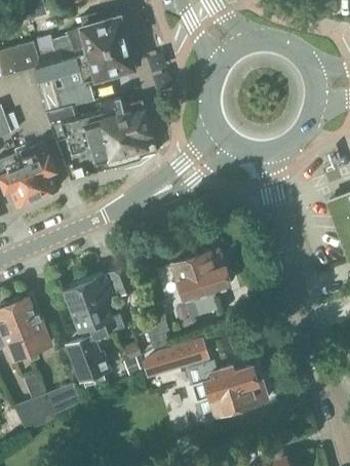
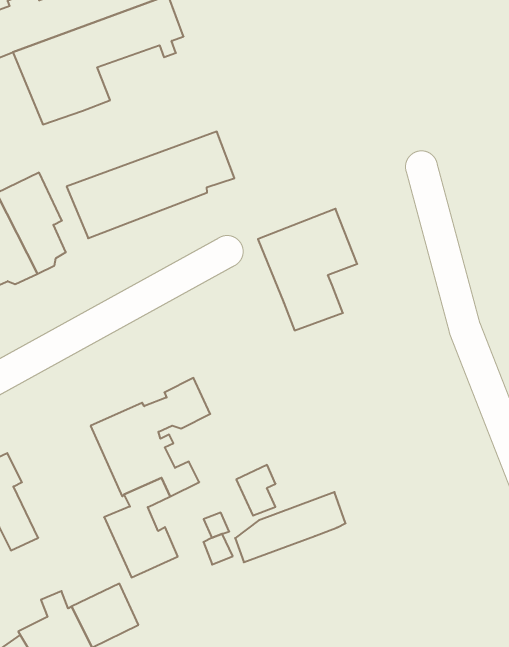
building: [47,99,150,151] -> none
building: [173,249,230,318] -> [258,209,357,330]
building: [15,296,50,360] -> none
building: [187,359,268,418] -> none

